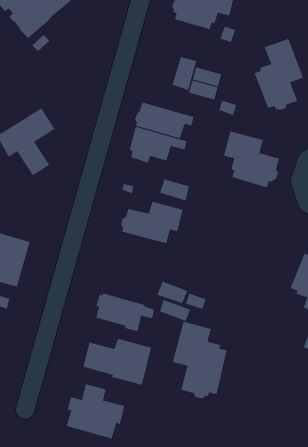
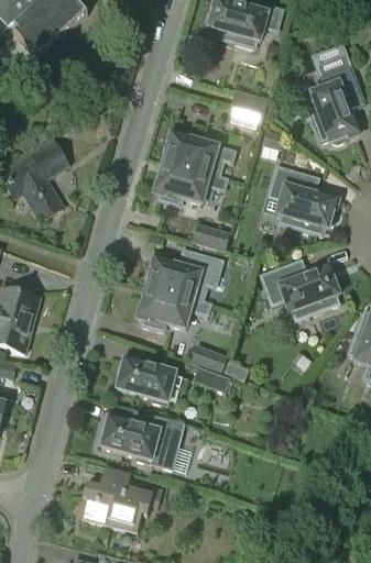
building: [172,56,197,91] -> none
building: none -> [261,258,339,317]
building: none -> [139,285,209,329]
building: [172,321,227,399] -> none

